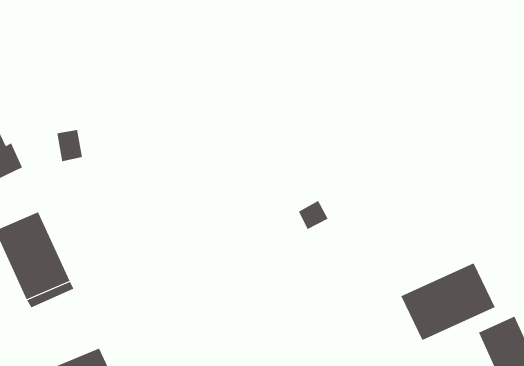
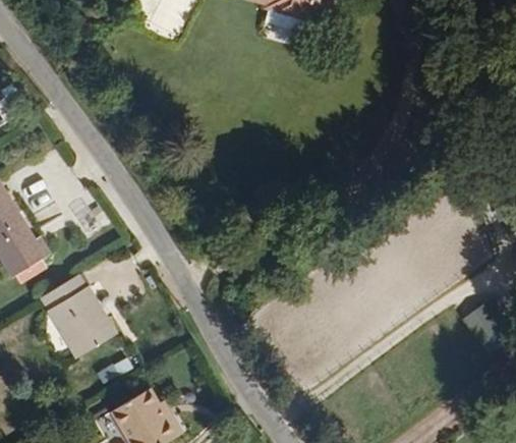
building: [400,263,495,341] -> none

